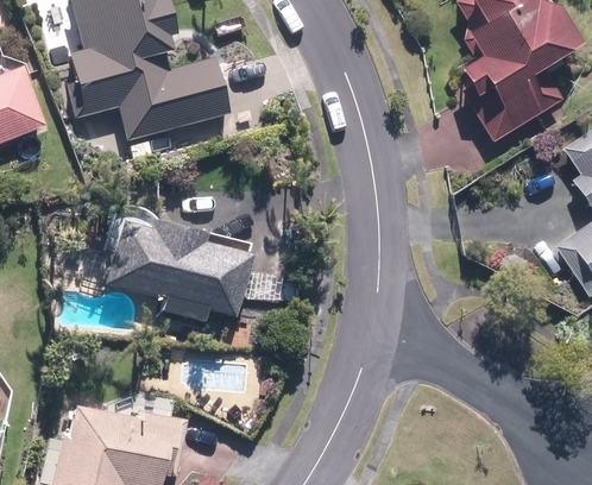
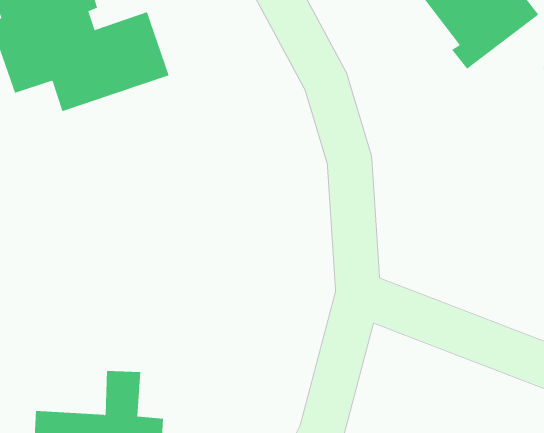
building: [101,204,251,326] -> none

